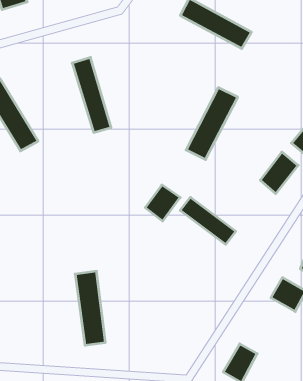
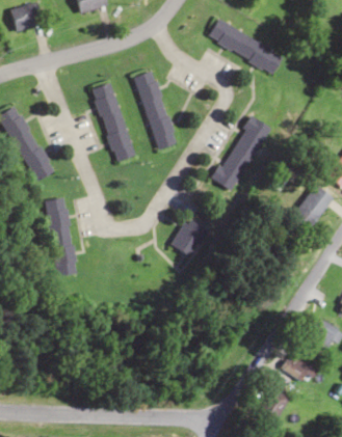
building: none -> [135,71,177,149]
building: [180,197,236,244] -> none
building: [75,271,105,345] -> [45,197,77,276]
building: none -> [283,354,318,385]

